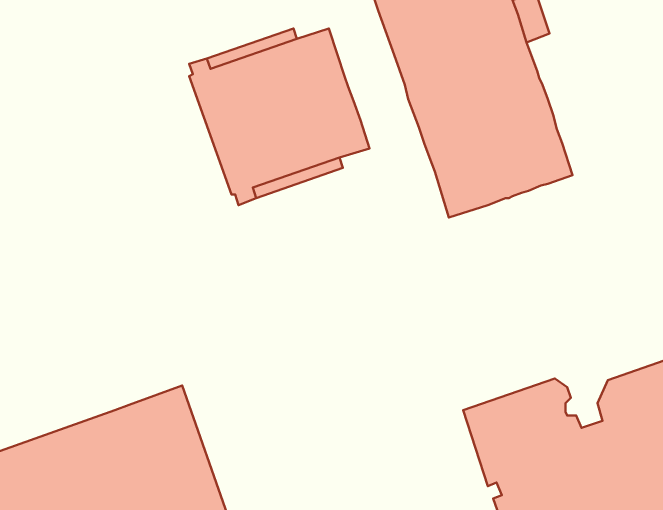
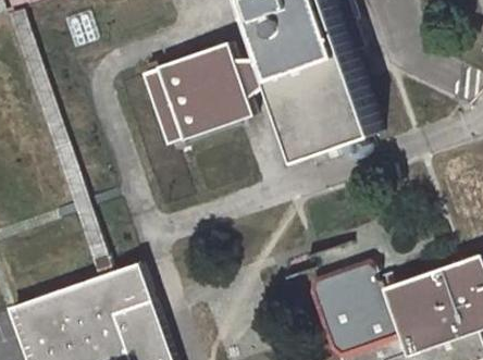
building: none -> [233,59,274,99]

